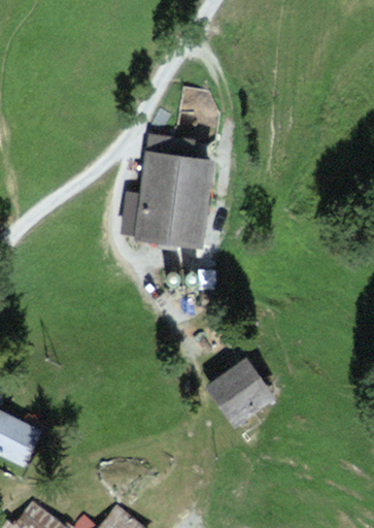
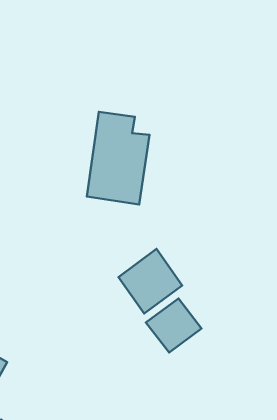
building: none -> [118,249,182,314]

